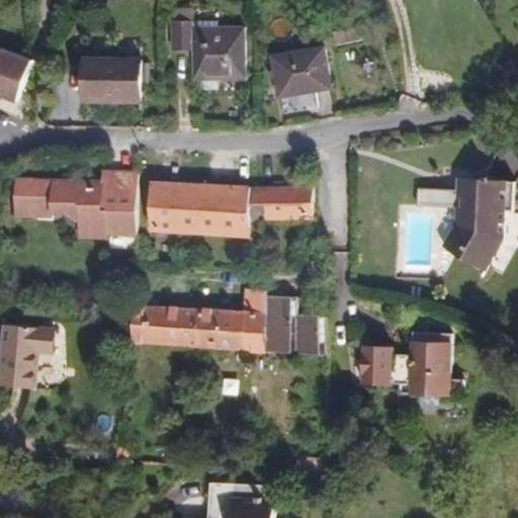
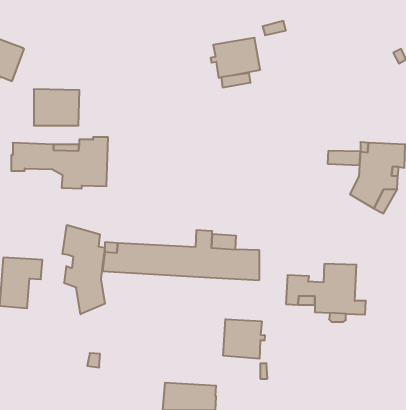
building: [169,8,243,90] -> none
building: [82,58,140,103] -> [34,89,79,125]
building: [149,182,313,237] -> none
building: none -> [63,225,105,314]
building: none -> [223,319,265,359]

